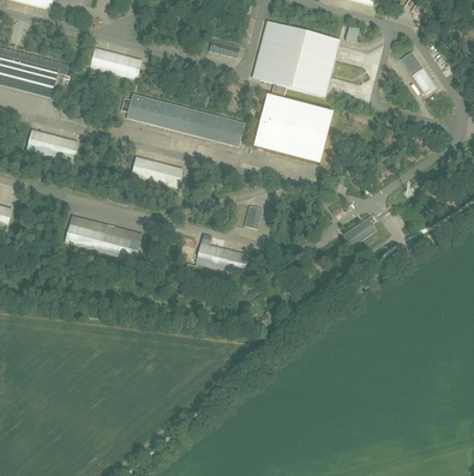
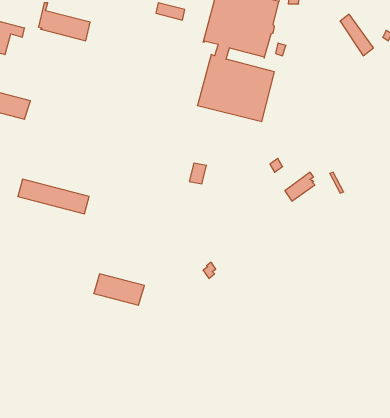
building: [120,94,244,146] -> none
building: [131,156,182,187] -> none
building: [194,242,247,275] -> [94,274,144,305]

